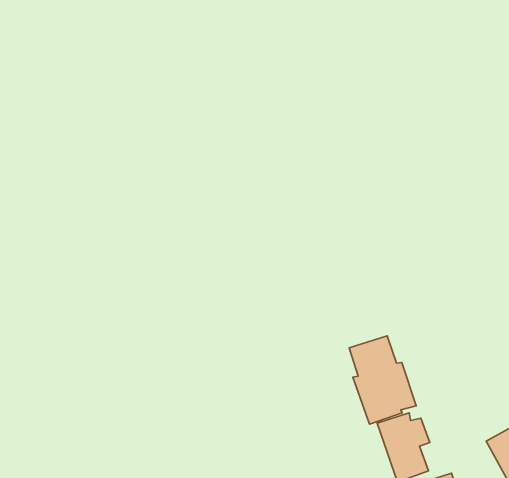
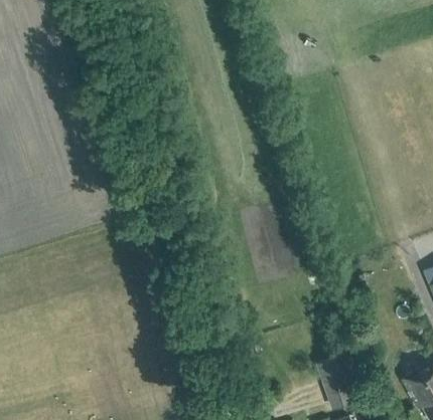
building: [349,336,416,424] -> none

